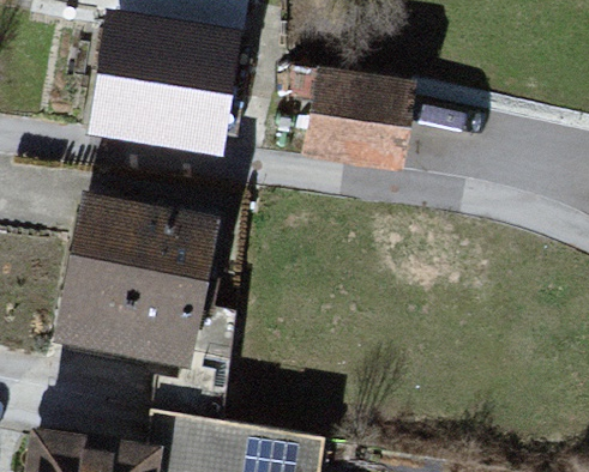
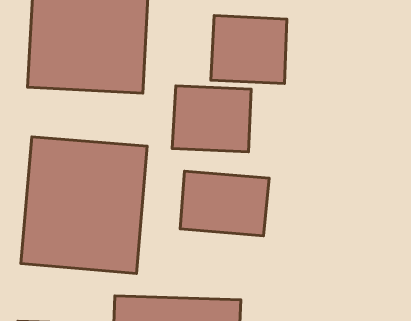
building: none -> [172,86,251,152]
building: none -> [180,171,269,236]

